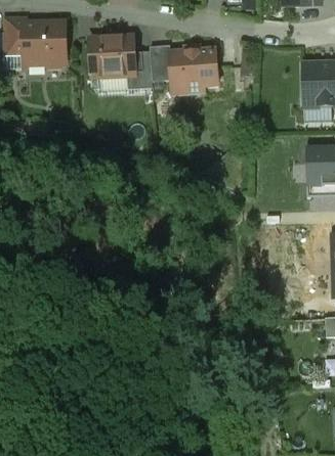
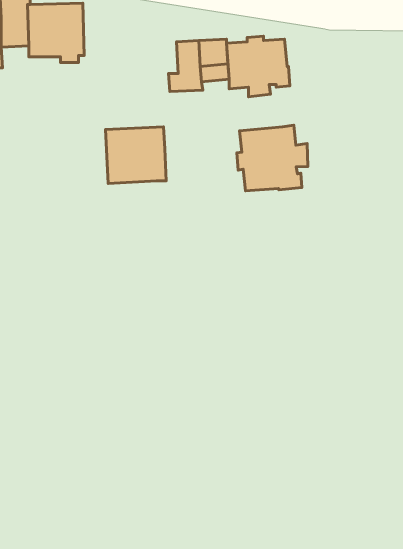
building: [90,35,135,77] -> [105,127,166,183]
building: none -> [237,125,308,191]

